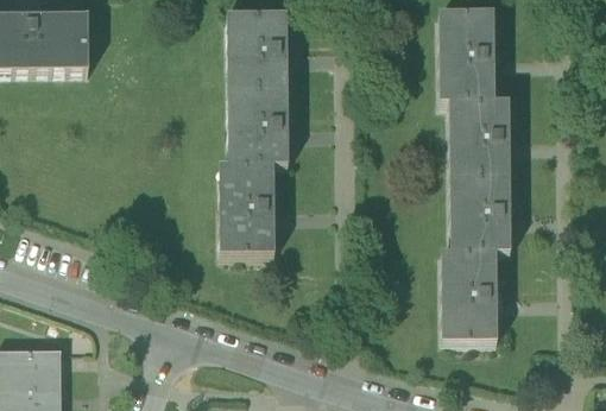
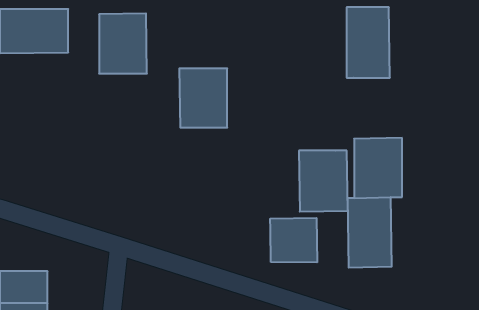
building: [227,20,288,96] -> [99,13,147,74]
building: [447,108,509,185] -> [299,151,348,212]
building: [219,171,274,261] -> none
building: none -> [270,218,317,262]

